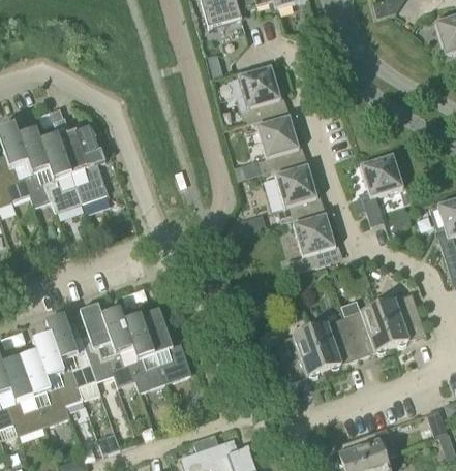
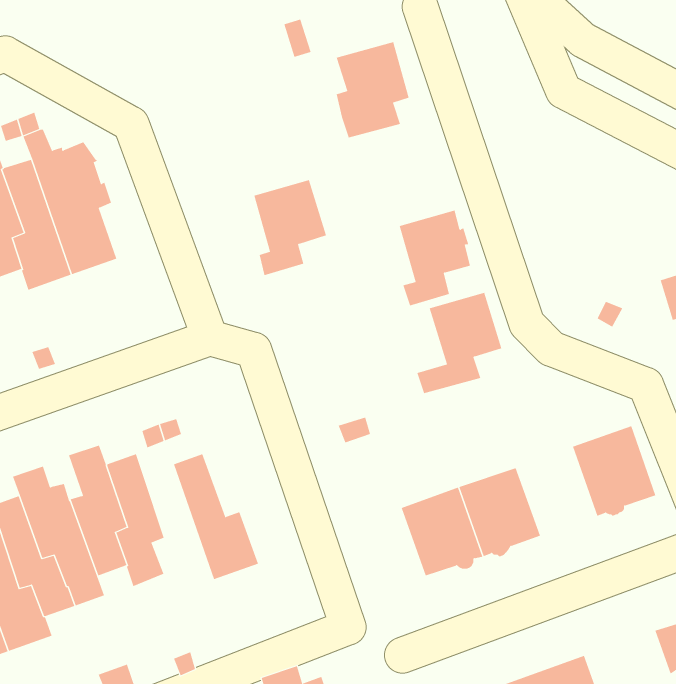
building: [255,115,299,171] -> [253,180,327,276]
building: [359,153,402,225] -> none
building: [343,304,391,356] -> none
building: [123,314,164,391] -> none

